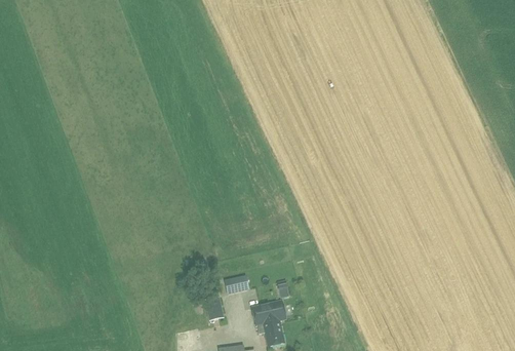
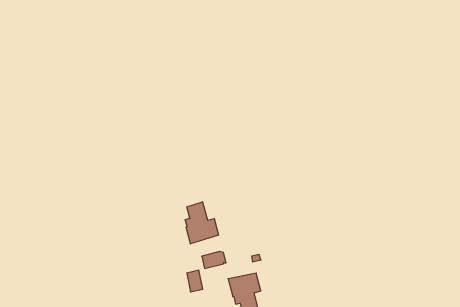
building: none -> [185,202,218,244]

